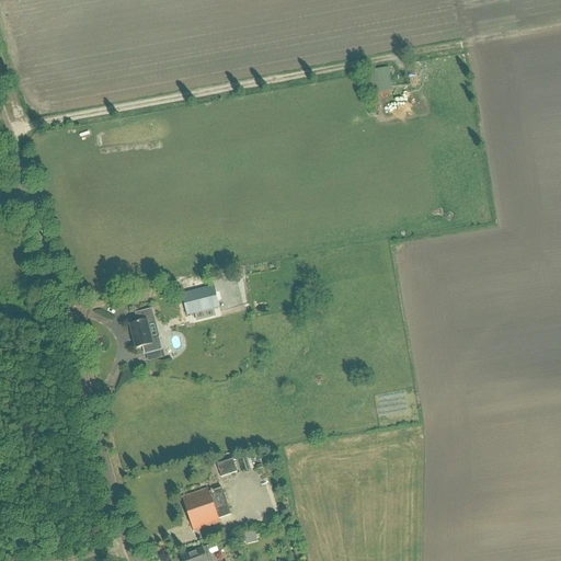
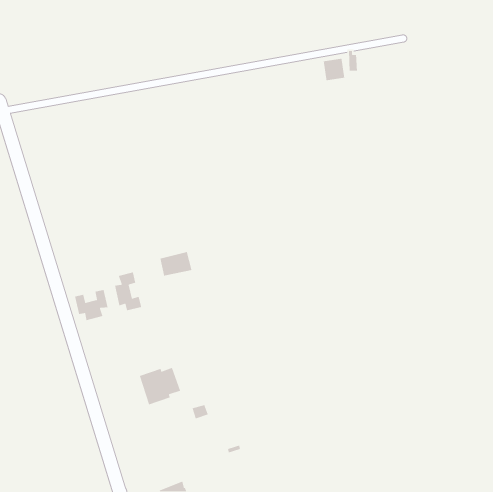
building: none -> [74,289,109,321]
building: [182,486,230,530] -> [139,367,181,406]

